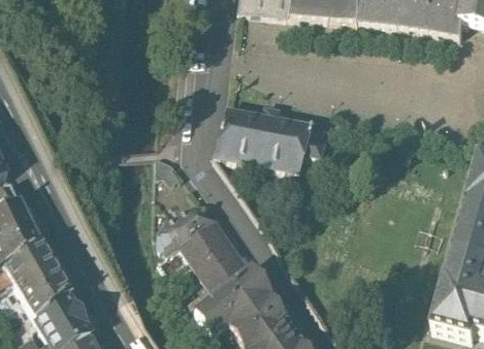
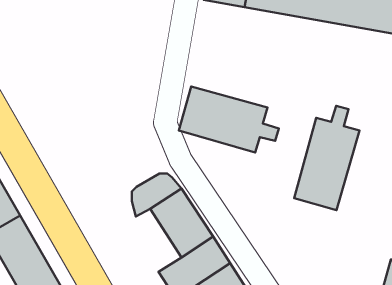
building: none -> [294,106,360,210]

